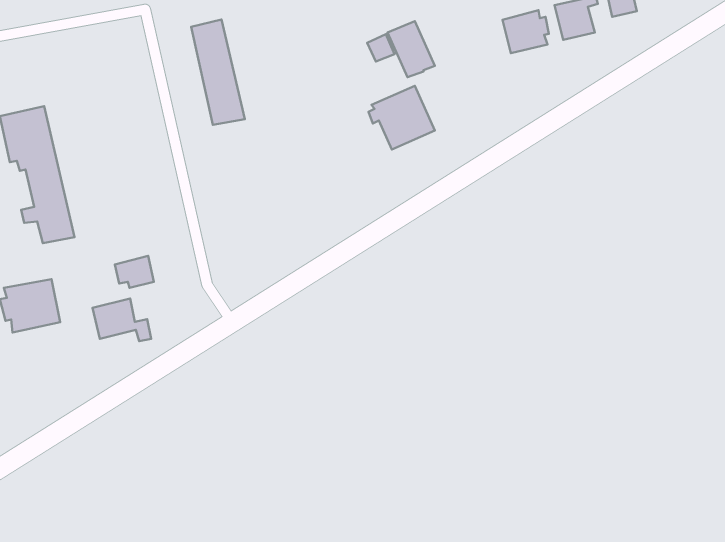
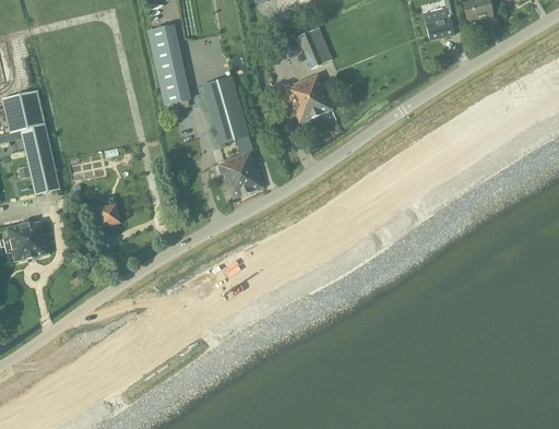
building: [502,10,549,53] -> none
building: none -> [202,75,263,199]
building: [93,298,151,341] -> none

